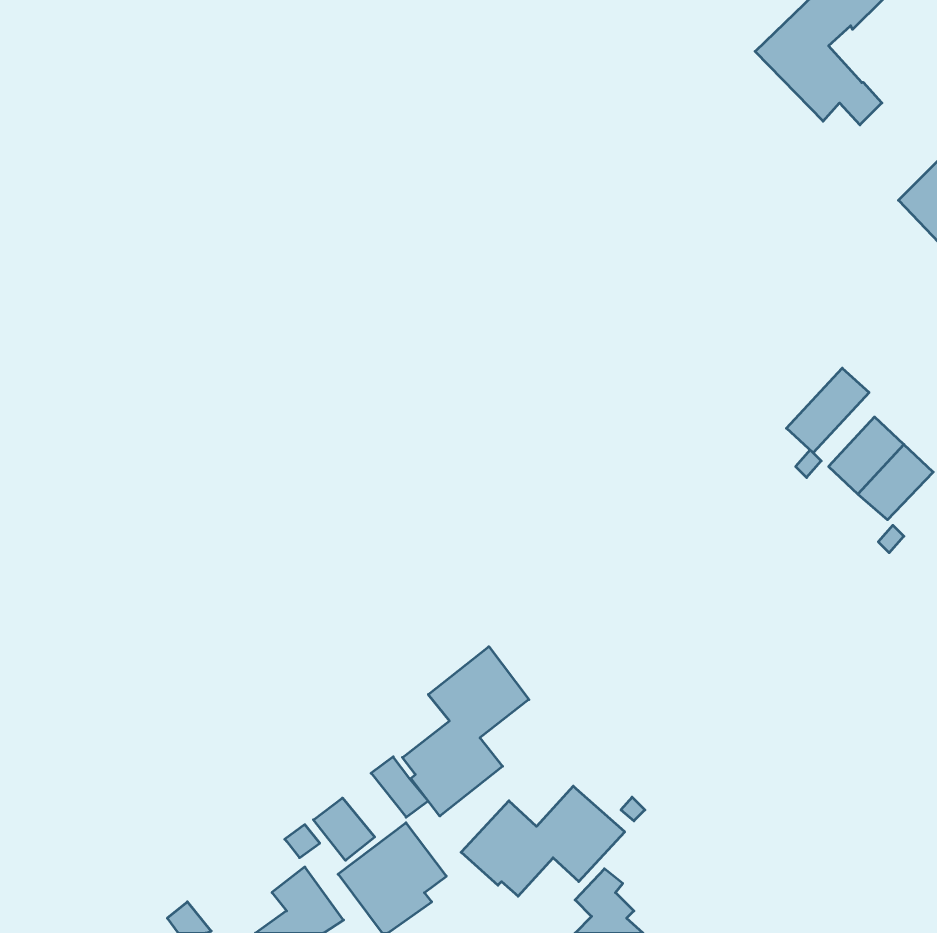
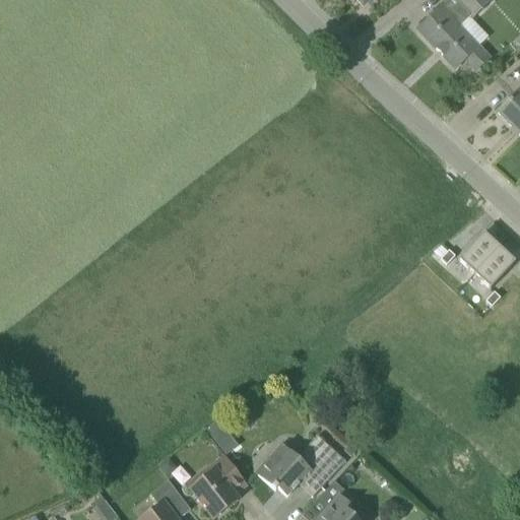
building: [786,368,869,453] -> none
building: [402,647,529,816] -> none
building: [313,798,375,860] -> none

